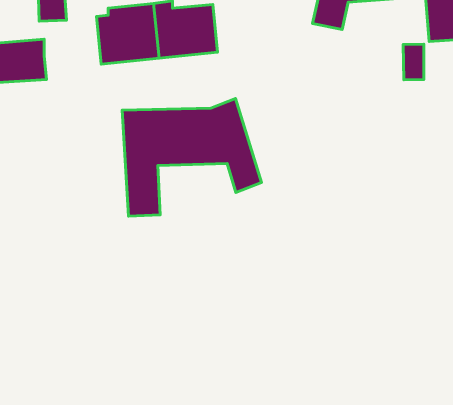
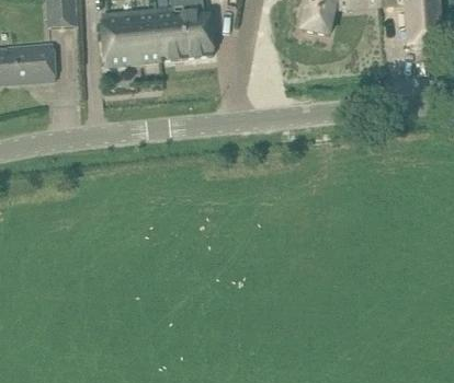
building: [403,44,424,80] -> none
building: [122,98,261,216] -> none

